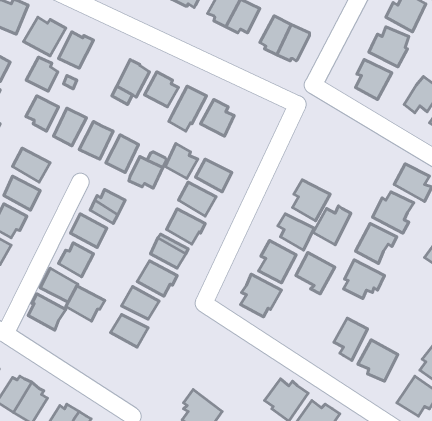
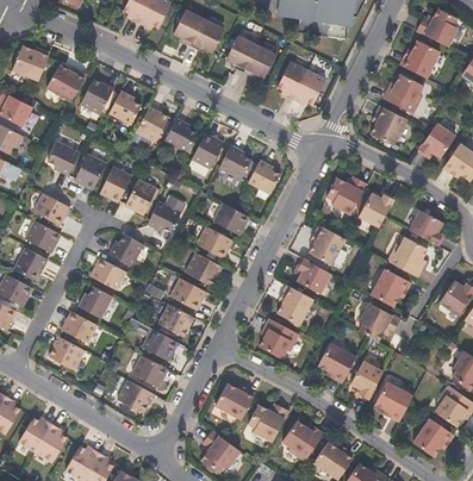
building: [26,57,58,91] -> [108,92,139,125]
building: none -> [325,175,367,213]
building: [165,143,198,179] -> [248,160,280,194]
building: [313,206,351,245] -> [357,188,394,226]
building: [296,253,335,294] -> [318,343,356,383]
building: [66,286,105,321] -> [116,380,154,414]
building: none -> [214,382,255,420]
building: none -> [248,402,288,442]

